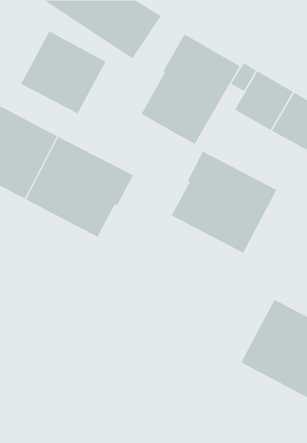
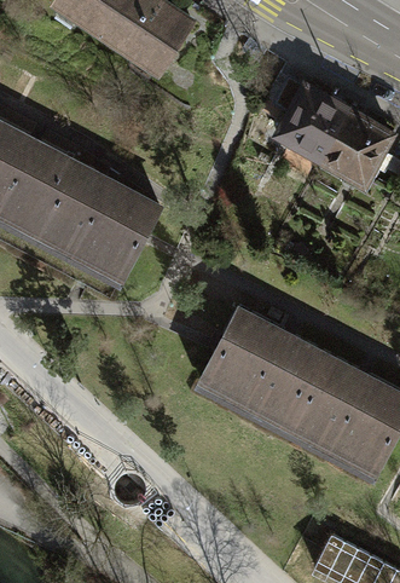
building: [21,30,106,114] -> none
building: [141,33,240,145] -> none
building: [171,151,277,253] -> [201,308,326,429]

